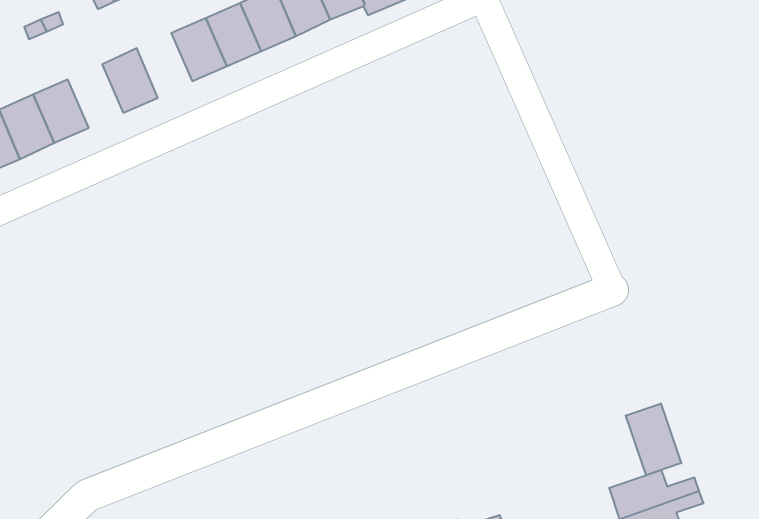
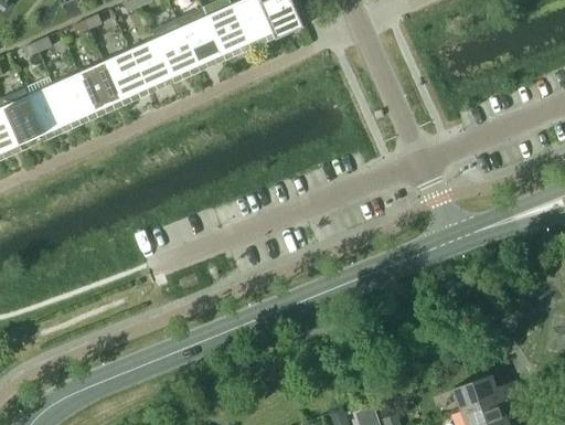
building: none -> [104,53,145,100]
building: none -> [53,76,94,123]
building: [626,403,681,475] -> none

